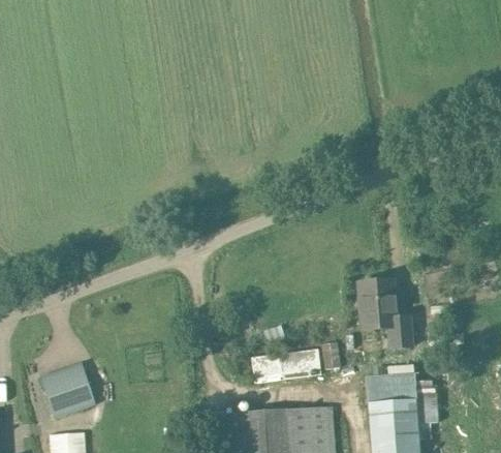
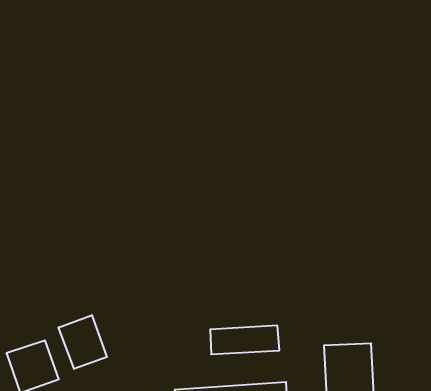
building: [358,282,410,350] -> none
building: none -> [58,315,107,369]

